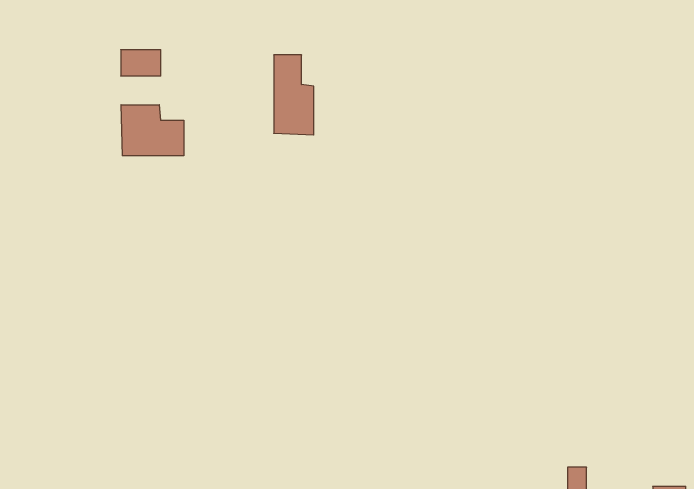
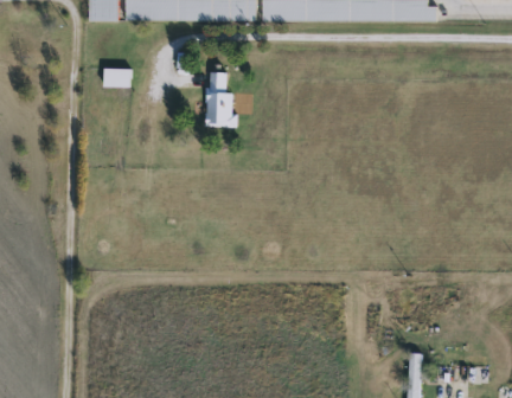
building: [121,105,184,156] -> none

